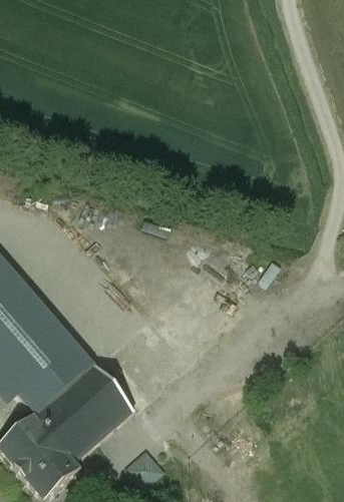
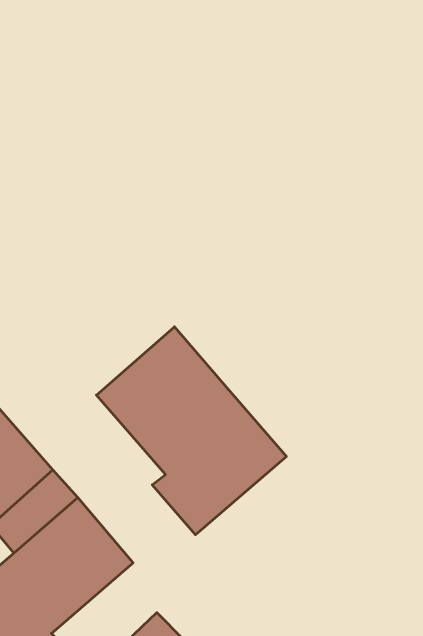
building: none -> [96,327,286,535]

